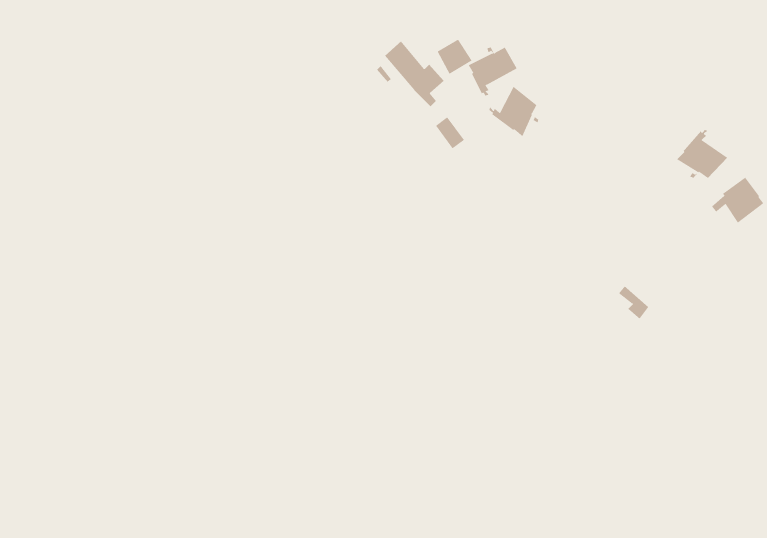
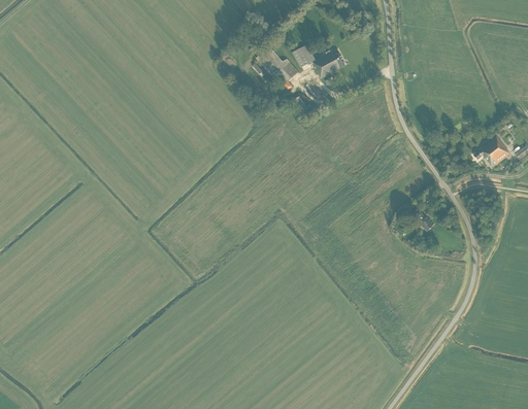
building: [489,86,539,137] -> none
building: [676,129,728,179] -> none

